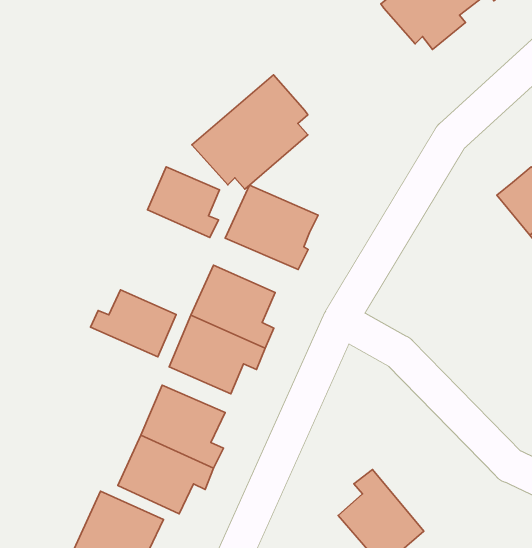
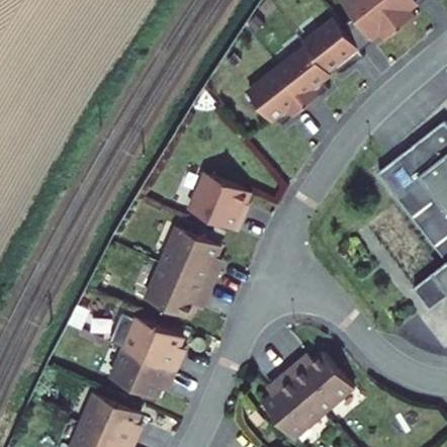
building: [192,75,308,189] -> [240,44,322,125]
building: [147,167,219,238] -> none
building: [91,290,176,357] -> none
building: none -> [289,352,356,415]

